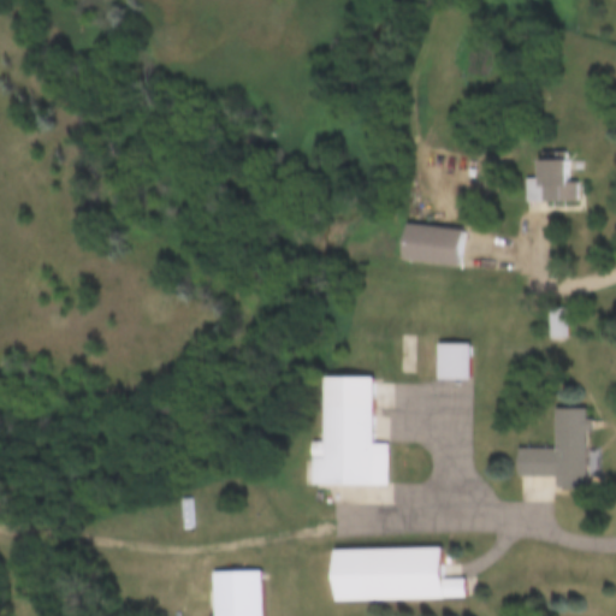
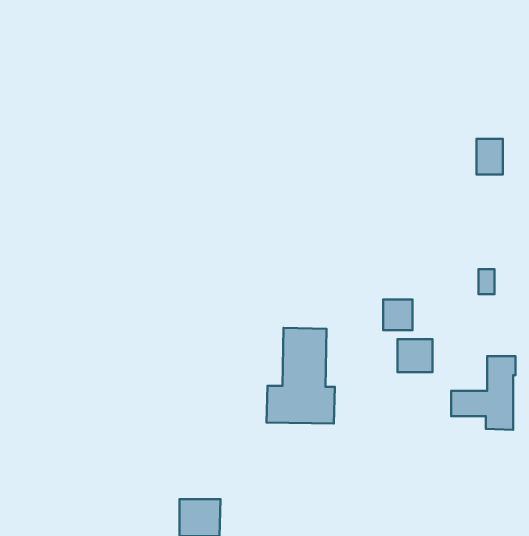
building: [402,223,468,263] -> none
building: none -> [398,339,432,372]
building: [327,546,462,602] -> none

